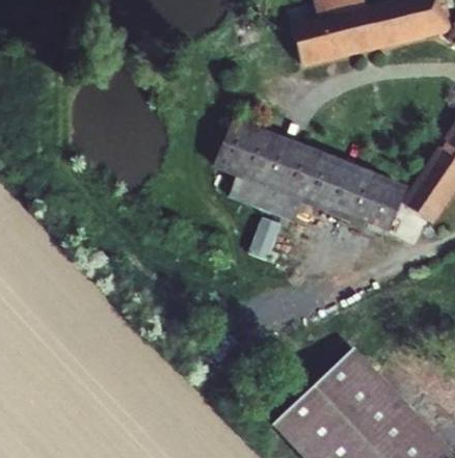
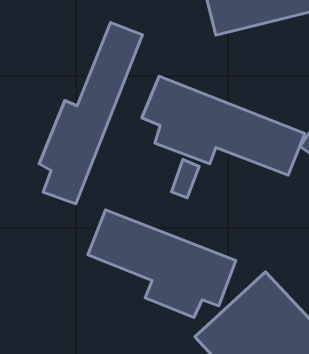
building: none -> [39,22,143,204]
building: none -> [88,210,236,318]

